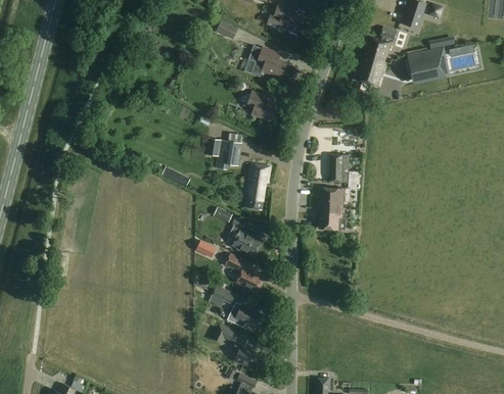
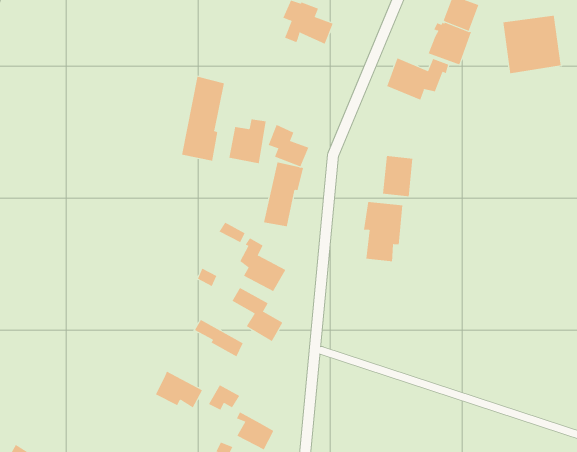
building: none -> [386,58,449,101]
building: [246,90,276,119] -> [268,124,309,167]
building: none -> [182,76,224,161]
building: [228,301,262,327] -> [155,371,203,408]

